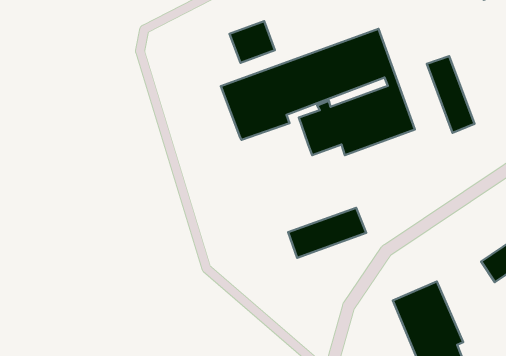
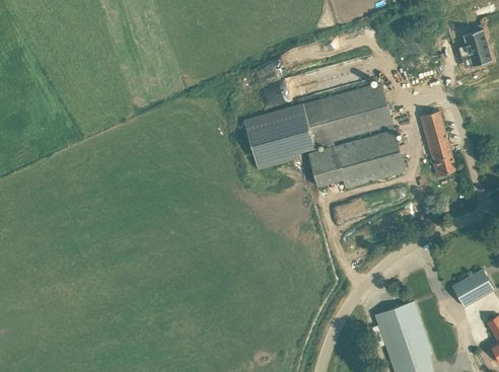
building: [230,21,275,63] -> none
building: [288,208,366,258] -> none

